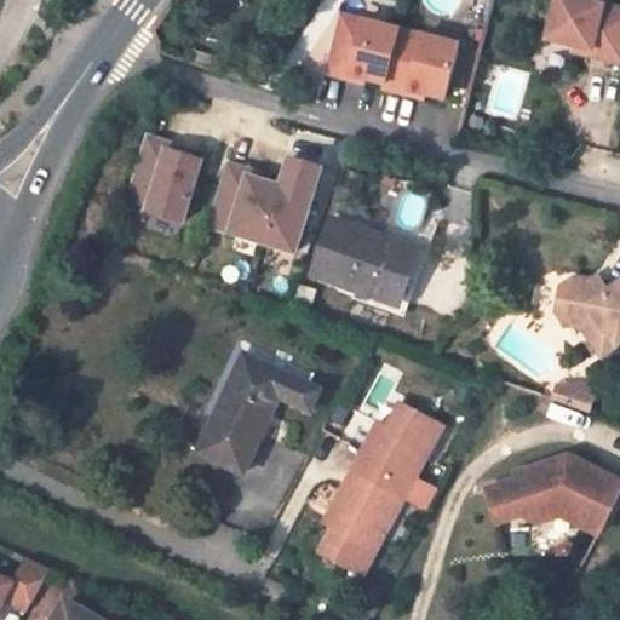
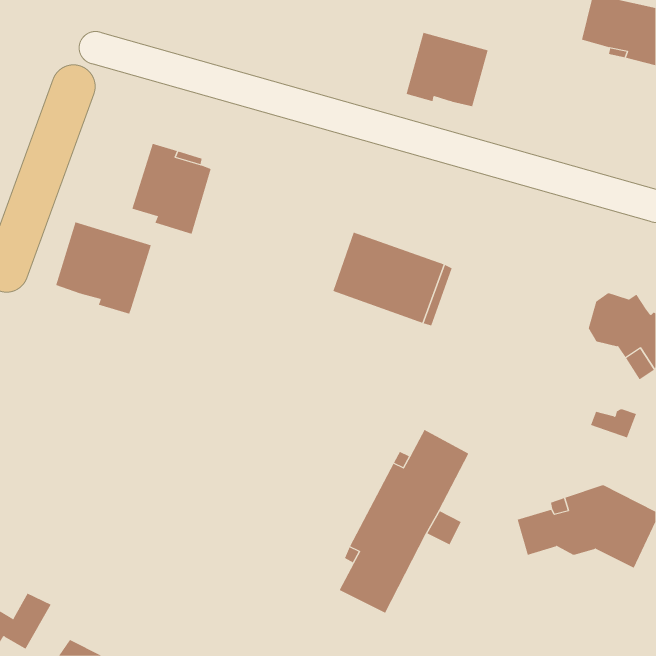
building: [322,13,397,84] -> none
building: [205,156,320,251] -> none
building: none -> [55,221,151,315]
building: [196,352,320,472] -> none

